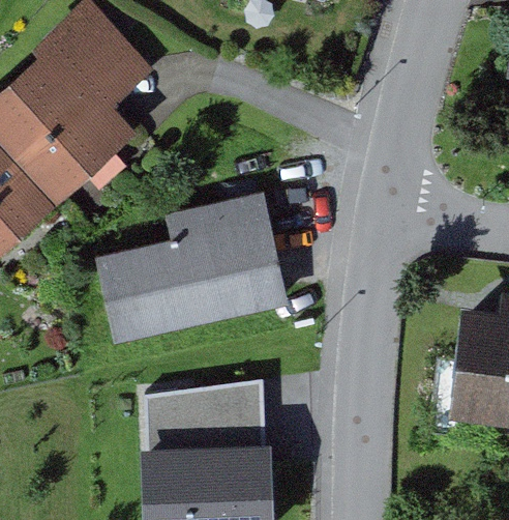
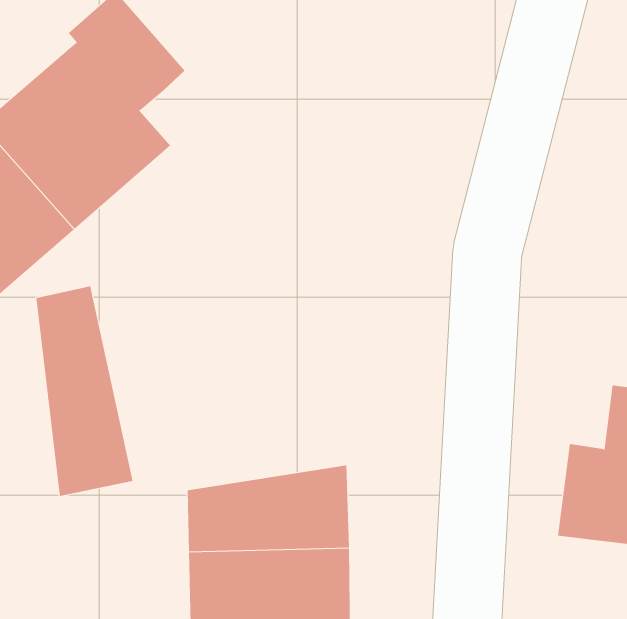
building: [106,200,278,335] -> none
building: none -> [36,285,133,497]

